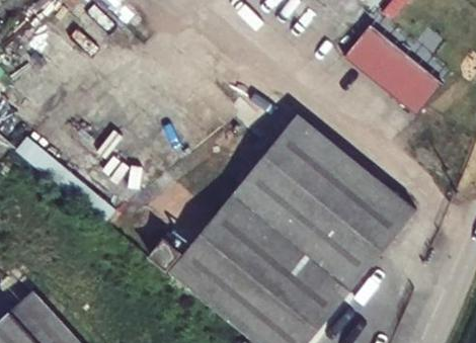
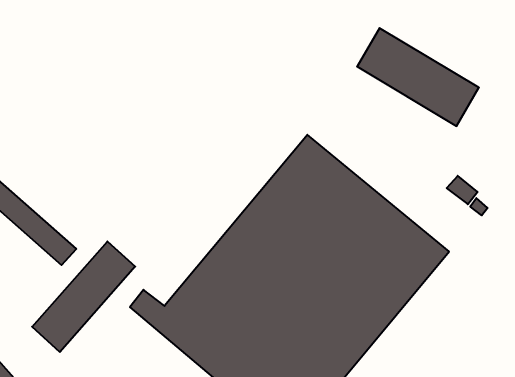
building: none -> [32,241,135,352]

